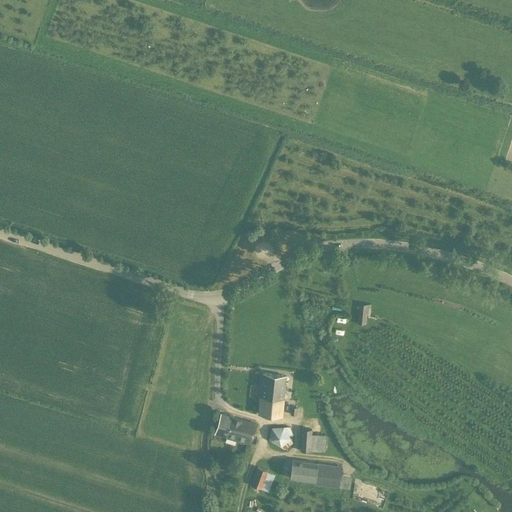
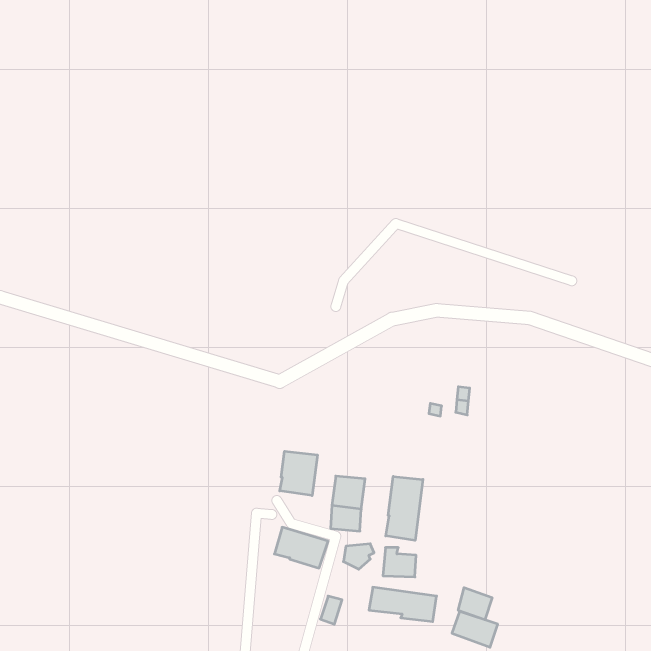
building: none -> [280,451,317,496]
building: none -> [386,476,423,540]
building: none -> [458,588,492,620]

